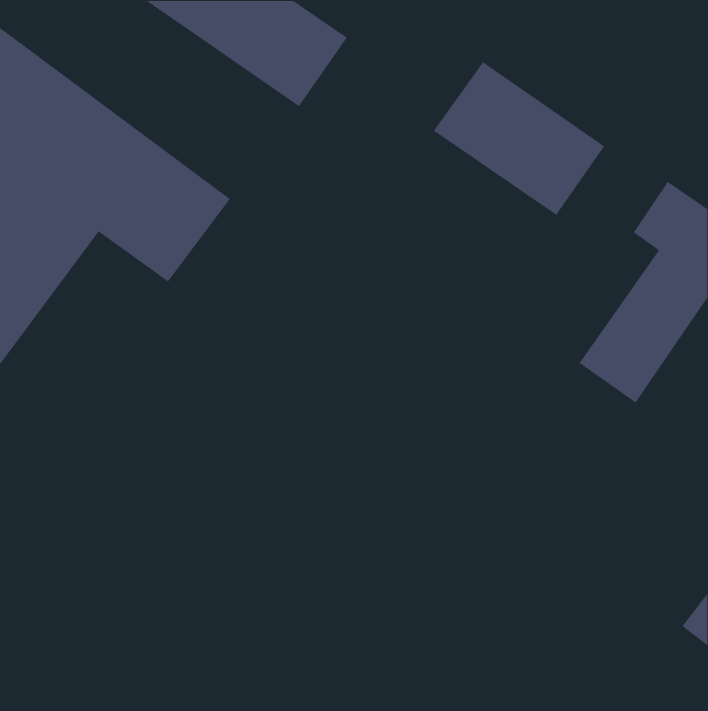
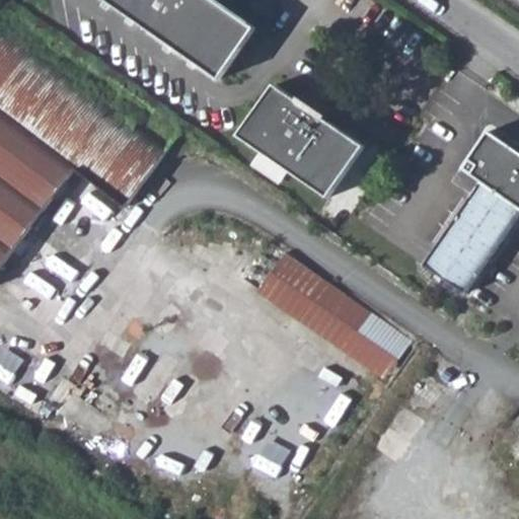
building: [433,61,605,216] -> [236,84,362,197]
building: none -> [256,253,409,379]

